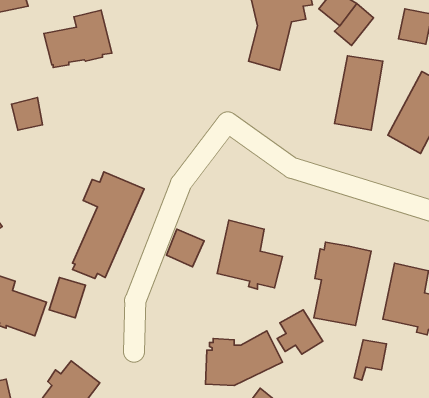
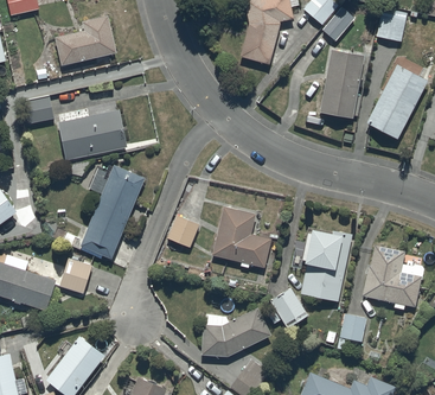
building: none -> [58,109,128,160]

